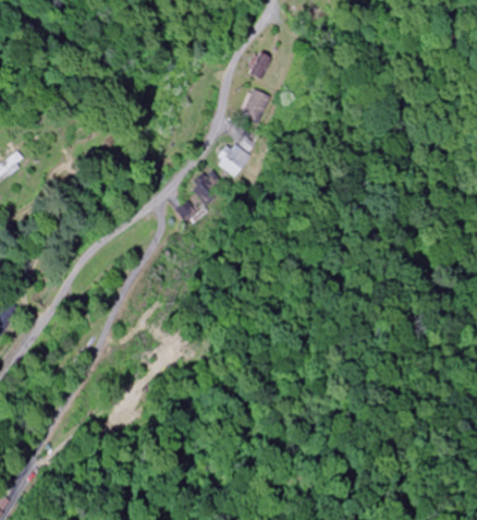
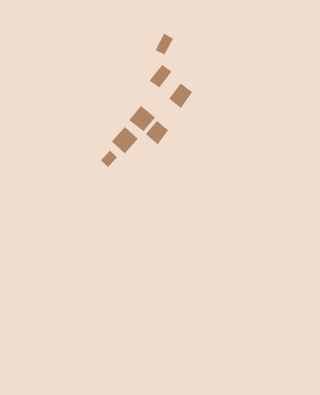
building: none -> [168,83,193,109]
building: none -> [145,120,169,145]

